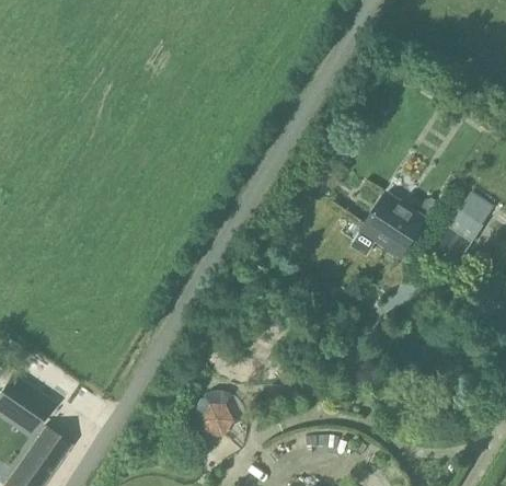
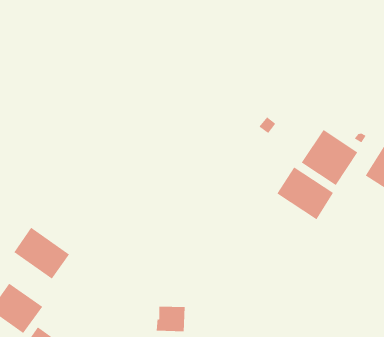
building: none -> [277,166,334,220]
building: none -> [13,227,70,280]

